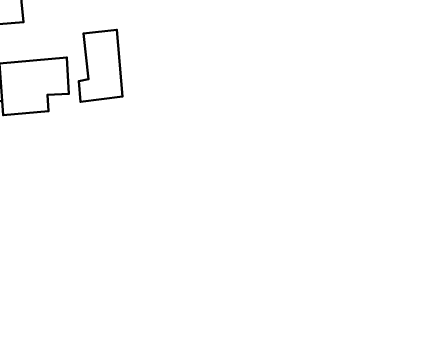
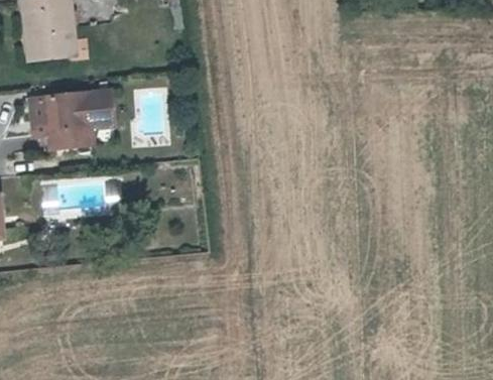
building: [79,30,123,102] -> none

